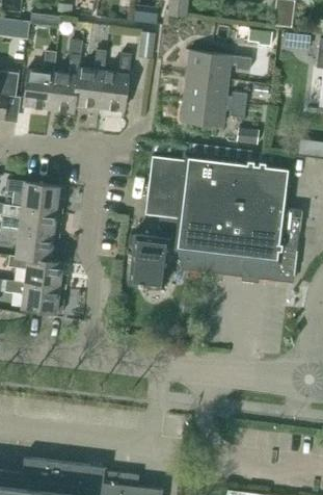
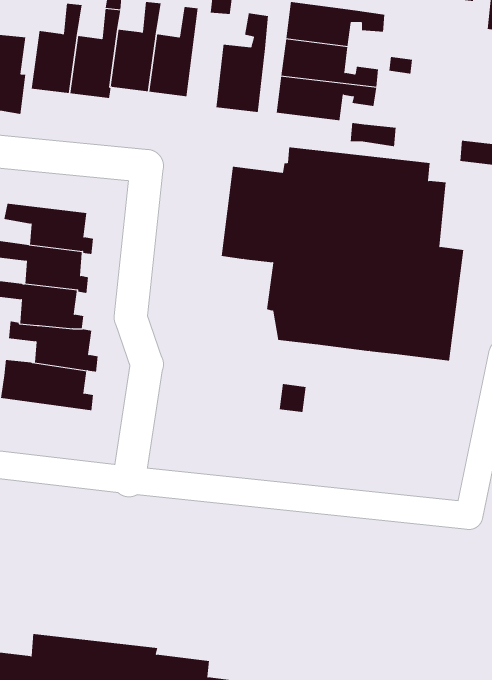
building: none -> [216,12,269,113]
building: [129,216,179,287] -> none

